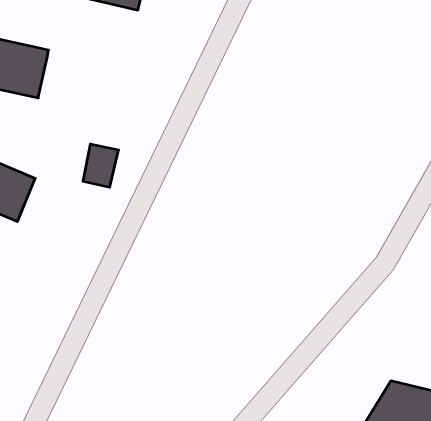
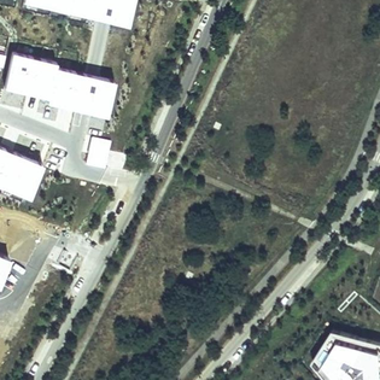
building: none -> [47,69,113,118]

